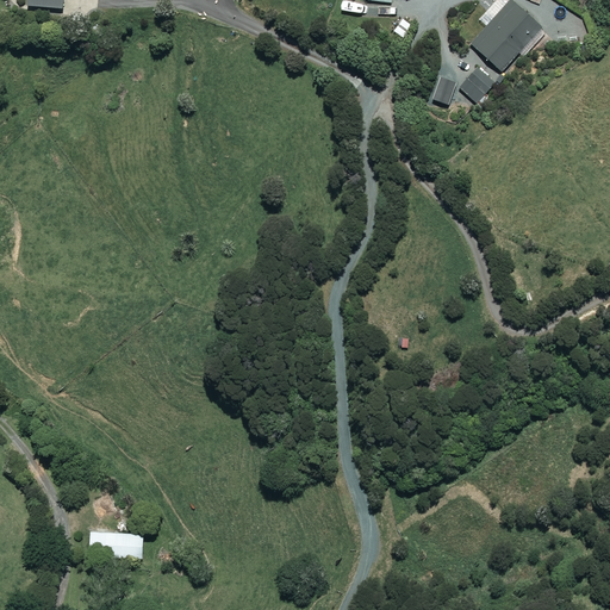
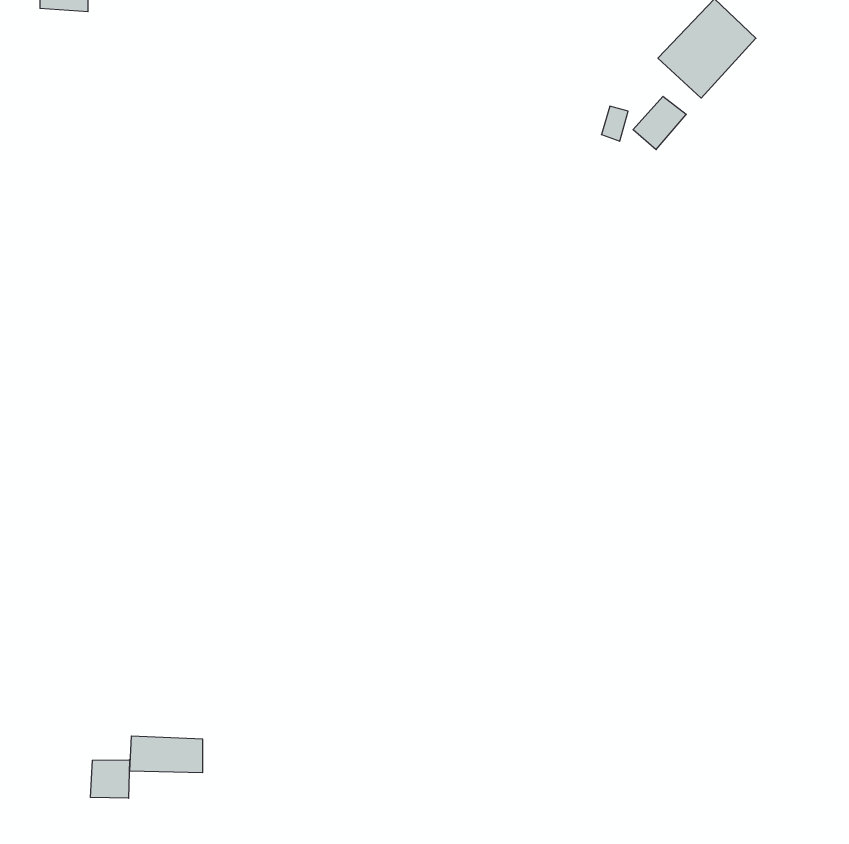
building: none -> [90,760,129,798]

